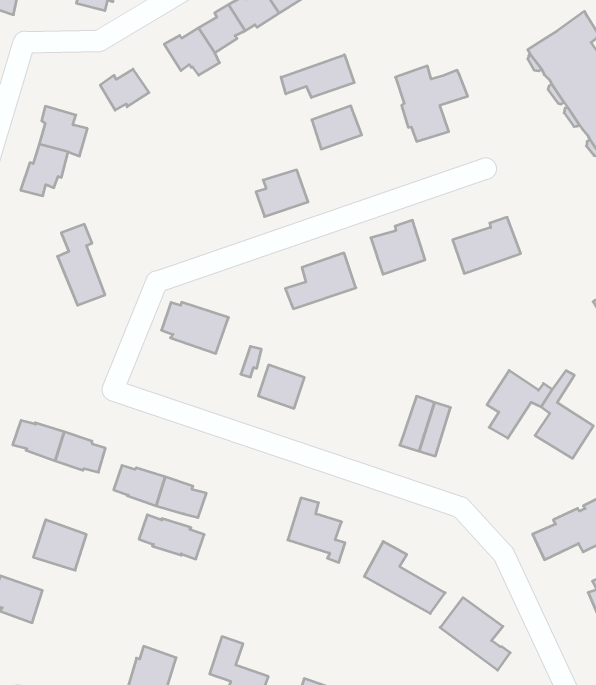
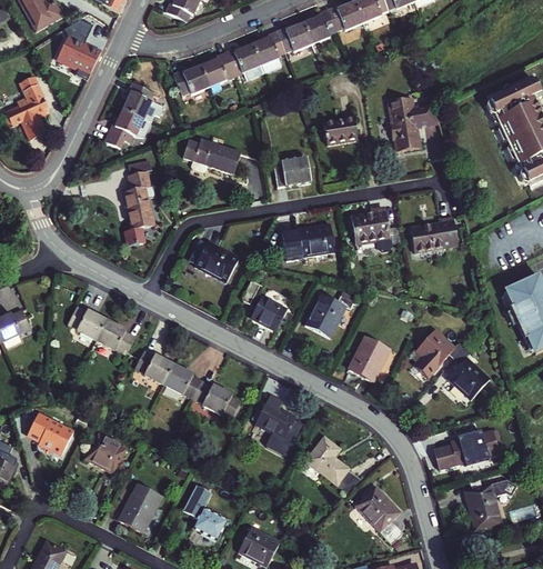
building: none -> [199,51,233,84]
building: [281,55,354,98] -> none
building: none -> [191,140,239,174]
building: none -> [304,292,354,338]
building: [139,515,204,559] -> [193,381,241,419]
building: [33,520,86,570] -> [84,433,125,473]

